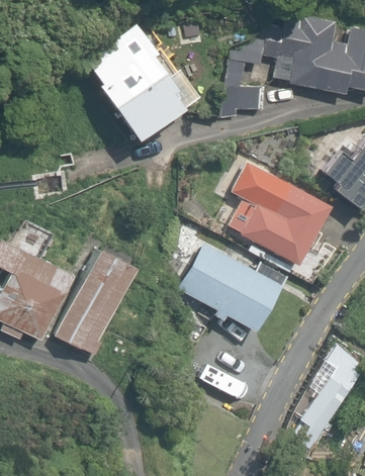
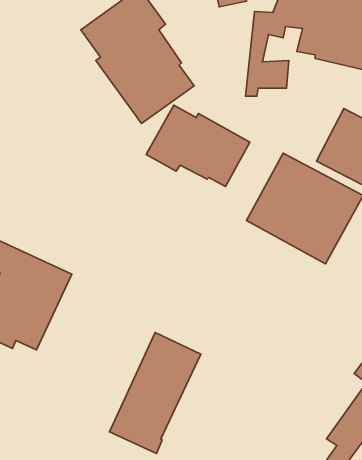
building: none -> [146,105,250,187]
building: [179,243,281,332] -> none
building: [55,249,135,356] -> [110,332,201,454]

